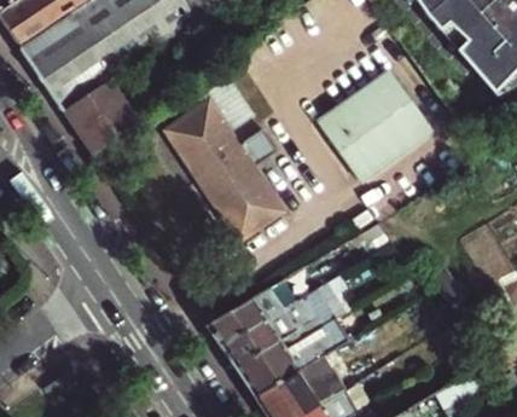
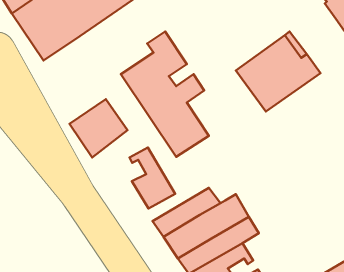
building: [63,77,140,155] -> [70,99,128,157]
building: none -> [130,148,175,209]

